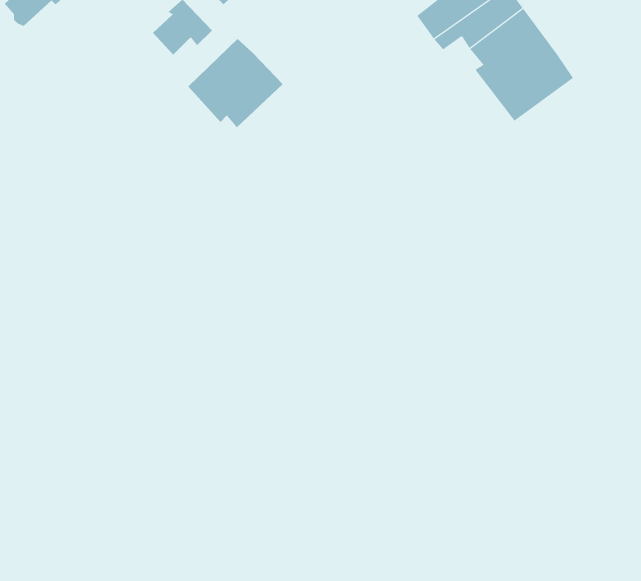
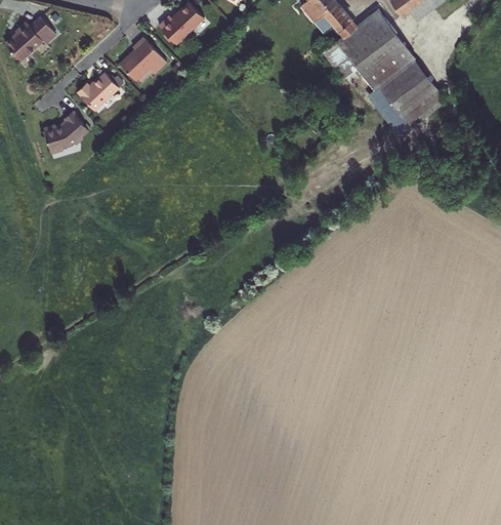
building: [187,38,283,128] -> none
building: none -> [78,72,120,110]
building: none -> [43,110,89,153]

